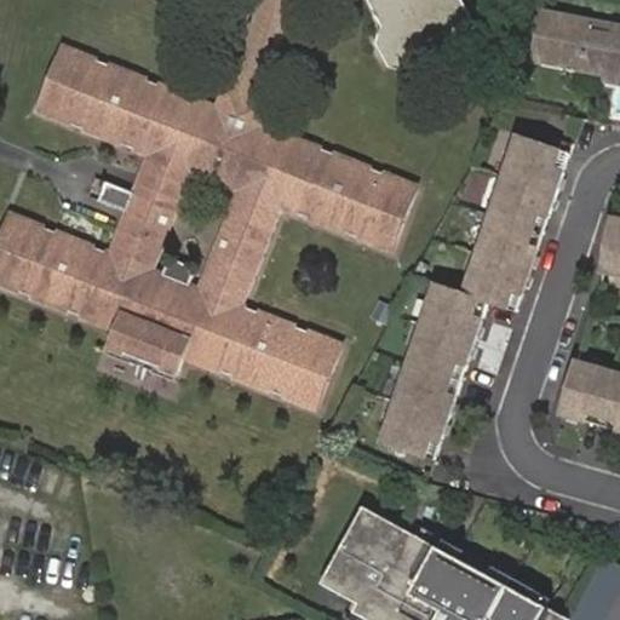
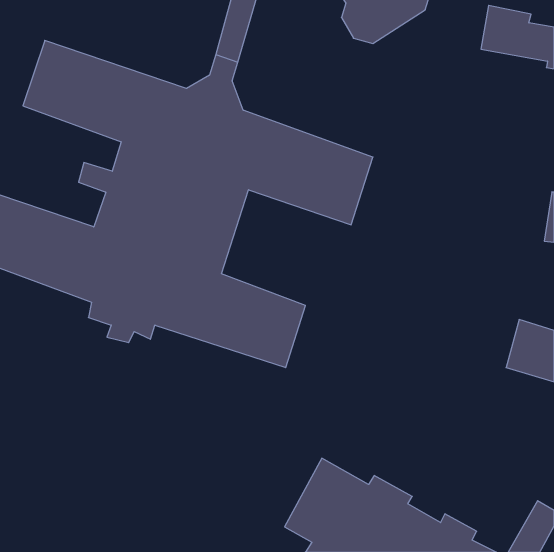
building: [379,130,570,458] -> none

